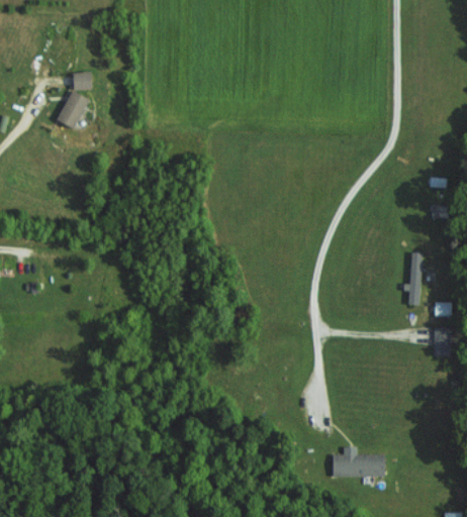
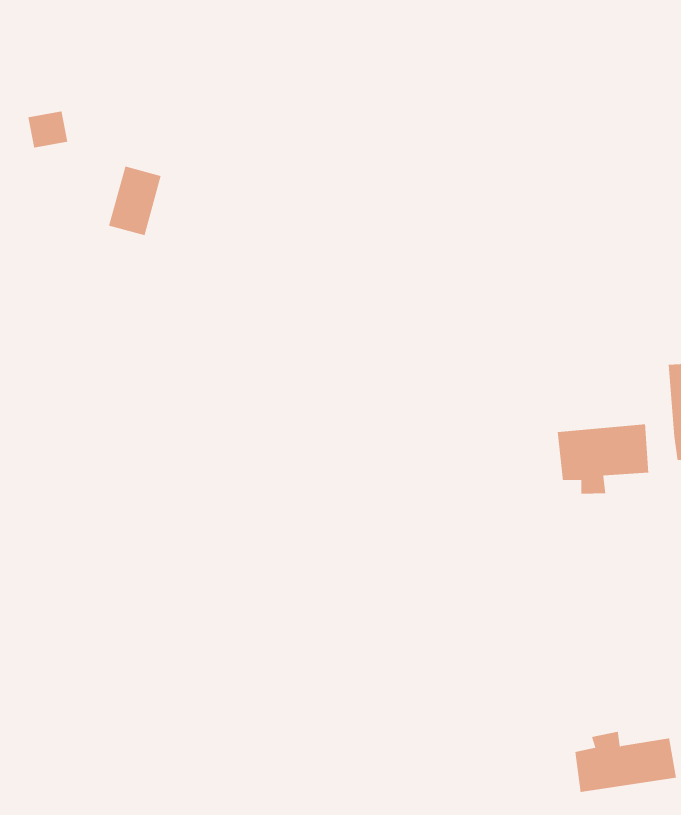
building: [62,90,94,129] -> [108,166,161,236]
building: none -> [557,423,649,495]

